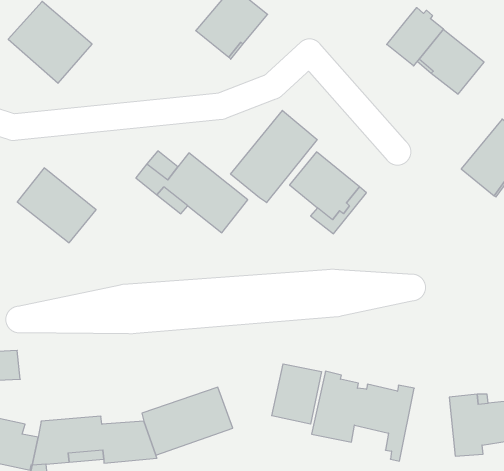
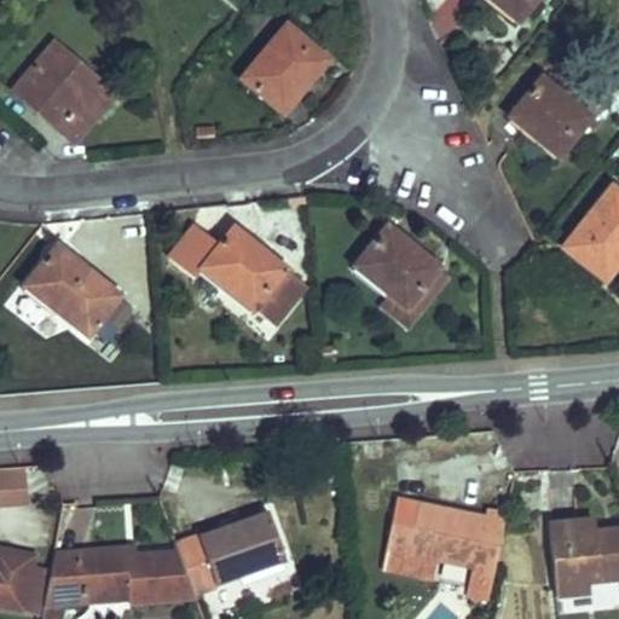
building: [387,8,443,66] -> none
building: [231,110,317,203] -> none
building: [272,364,321,424] -> none

